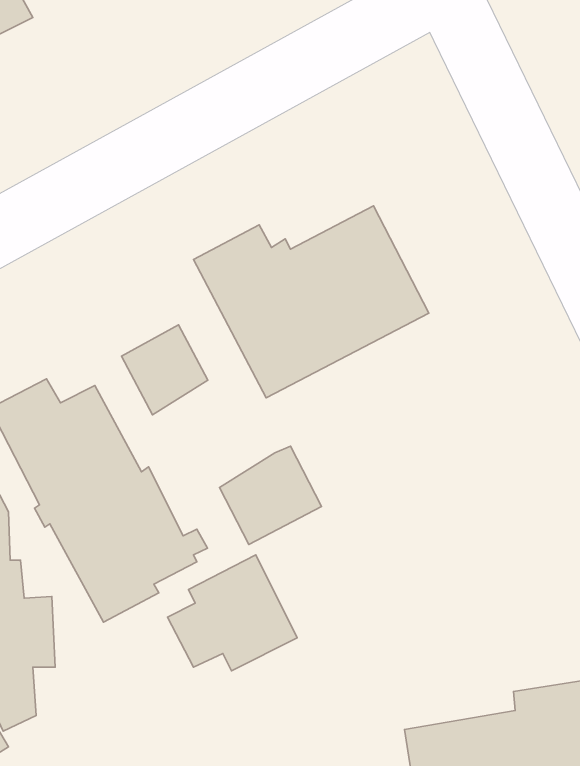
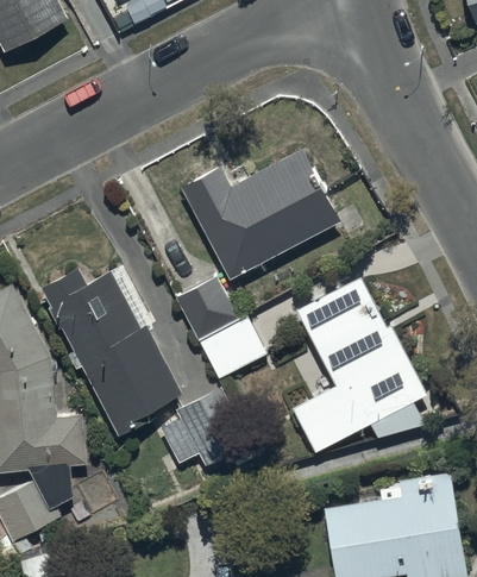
building: [121,325,208,415] -> [176,280,236,341]
building: none -> [293,278,426,453]

